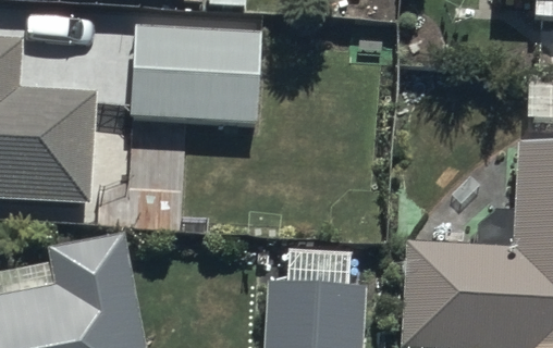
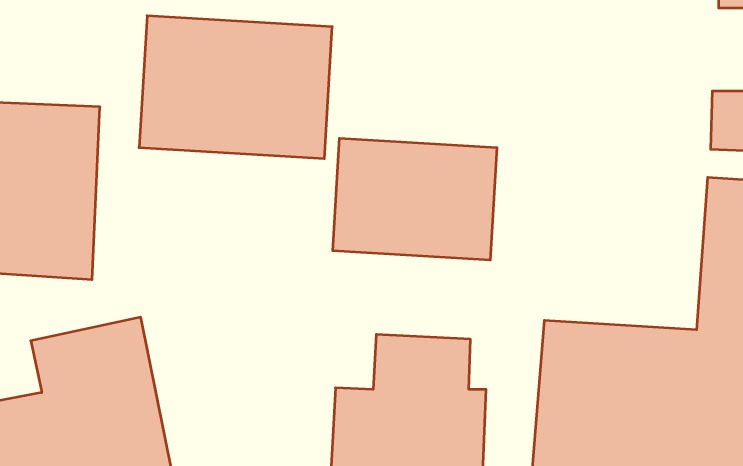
building: none -> [333,138,497,260]

